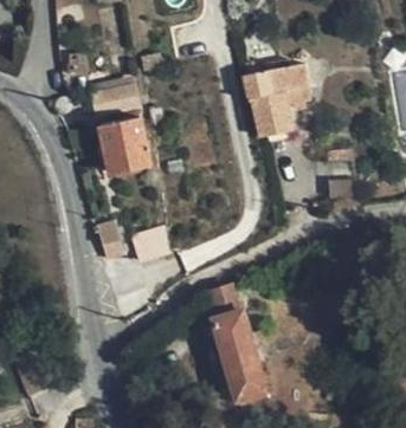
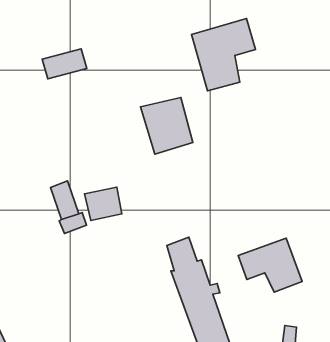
building: [99,117,150,173] -> [141,98,193,154]
building: none -> [238,238,302,292]

